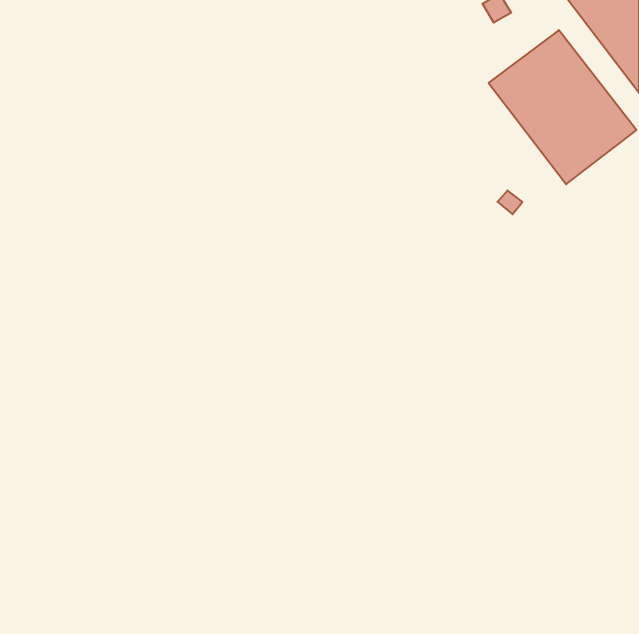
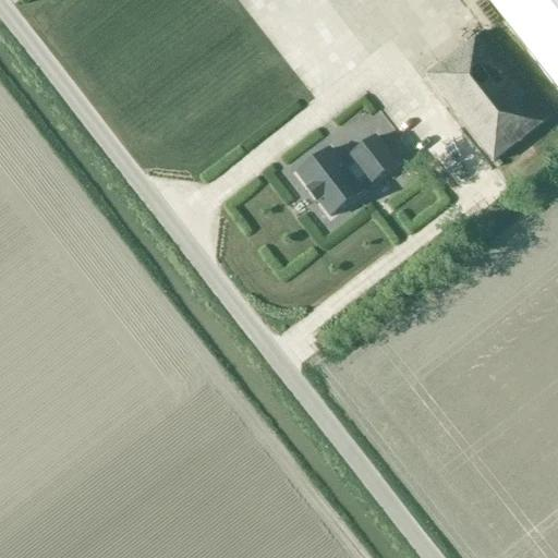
building: none -> [296,133,397,213]

